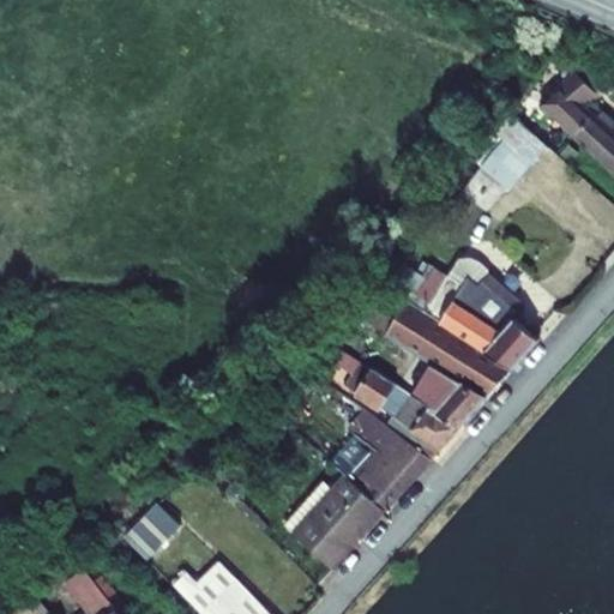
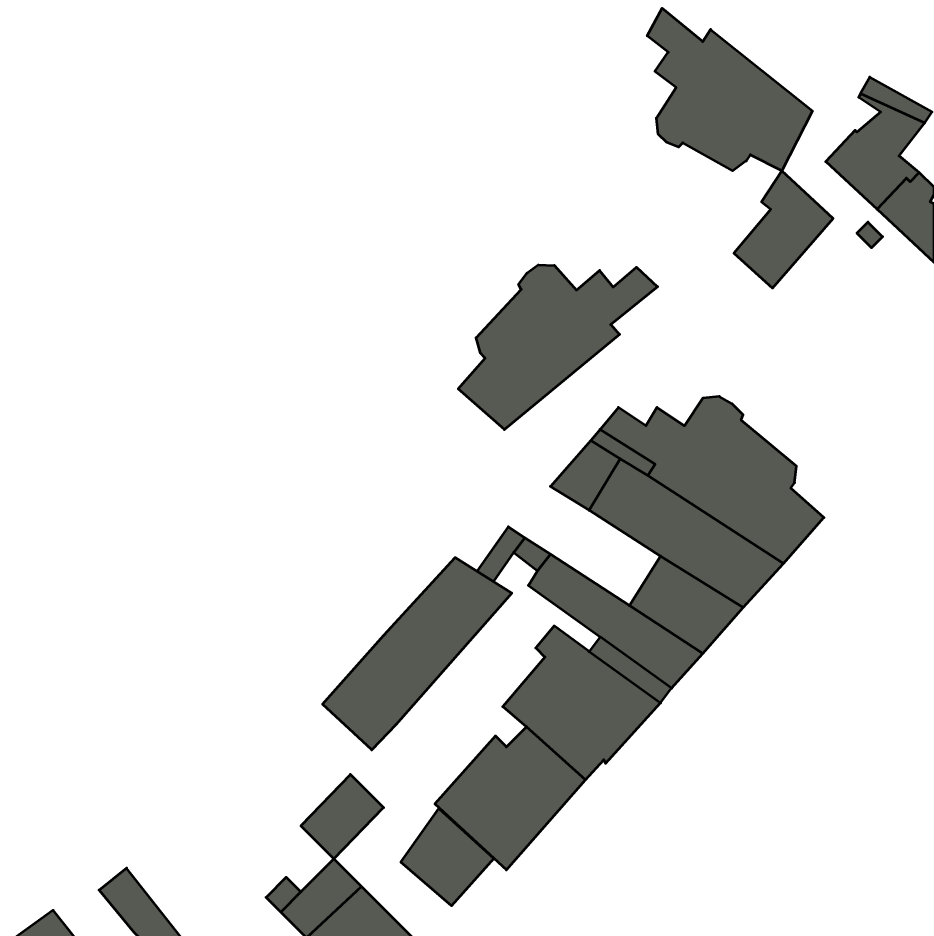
building: none -> [647,8,812,171]
building: none -> [458,265,658,430]
building: none -> [323,558,512,750]
building: [125,504,179,559] -> [301,774,384,859]
building: none -> [401,809,494,906]

